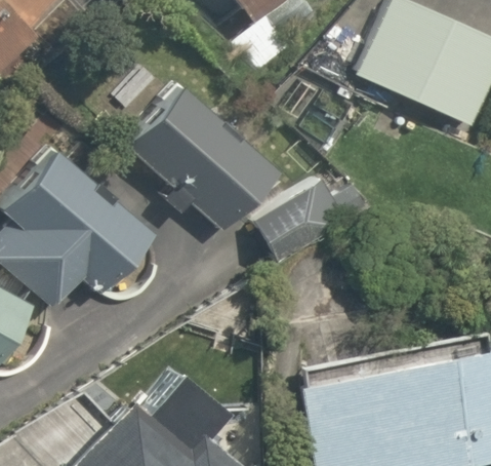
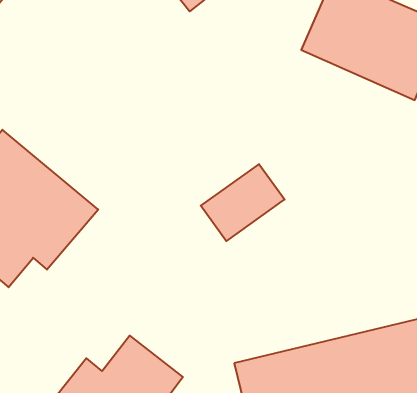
building: [126,90,275,232] -> none

